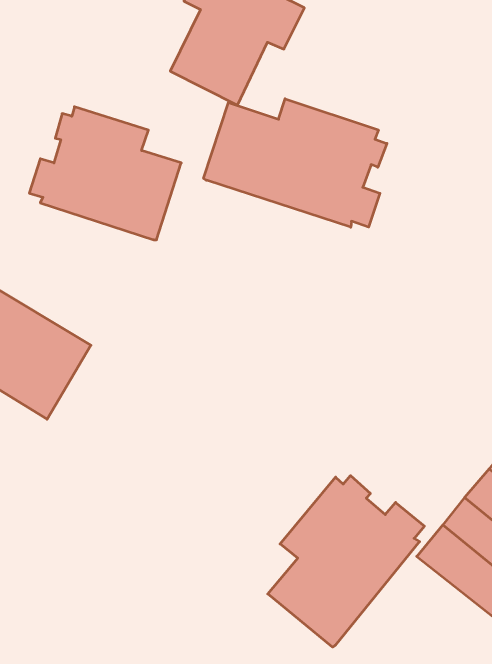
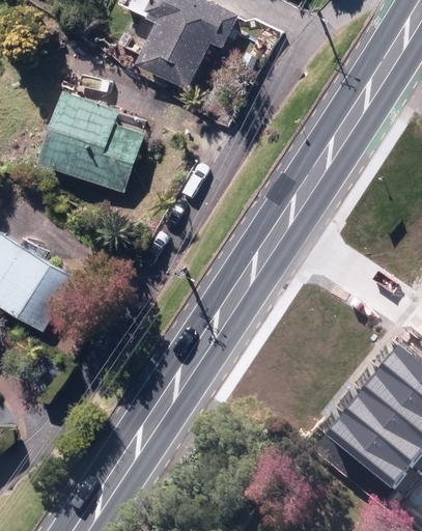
building: [204,99,387,227] -> none
building: [268,476,424,647] -> none

